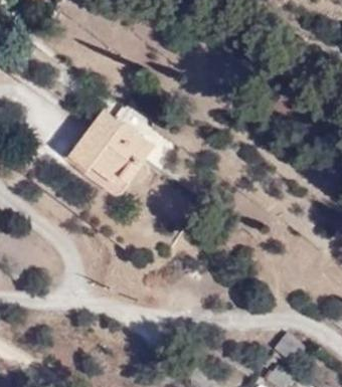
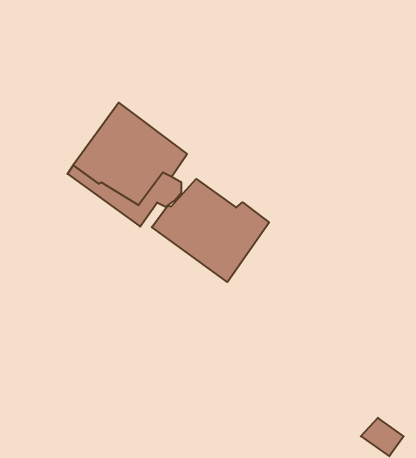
building: none -> [152,179,269,282]

